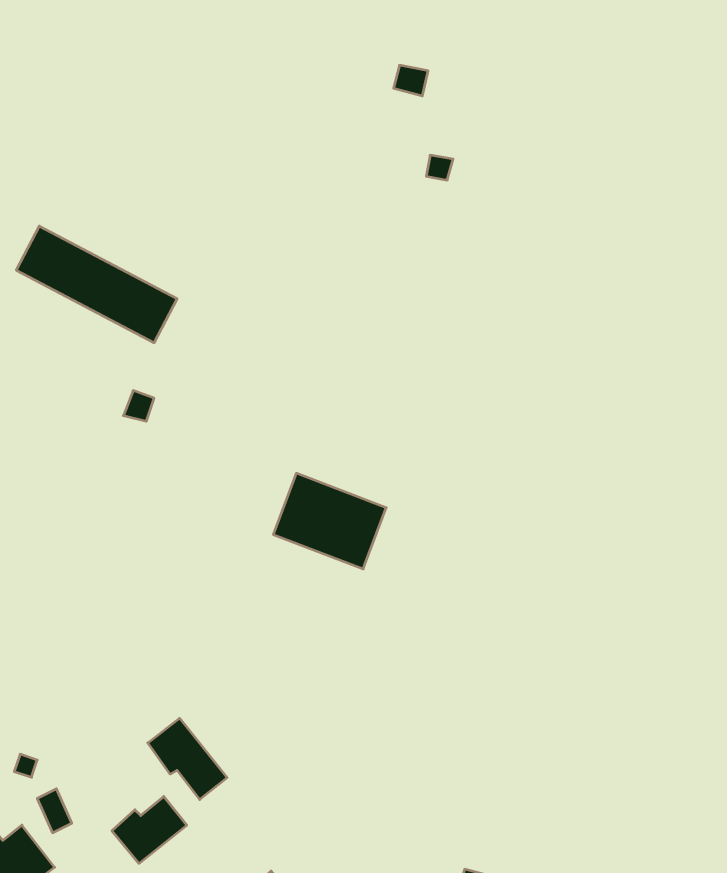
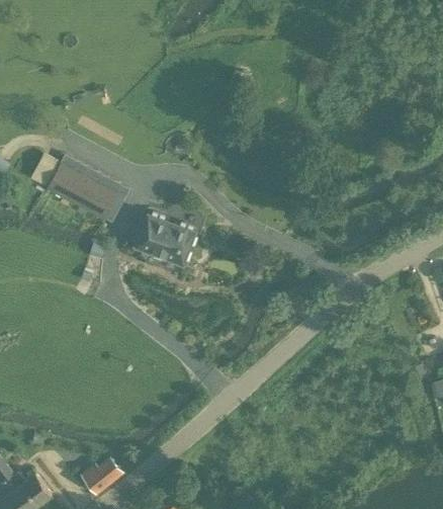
building: [273,473,386,569] -> [137,214,196,264]
building: [148,718,227,800] -> none

